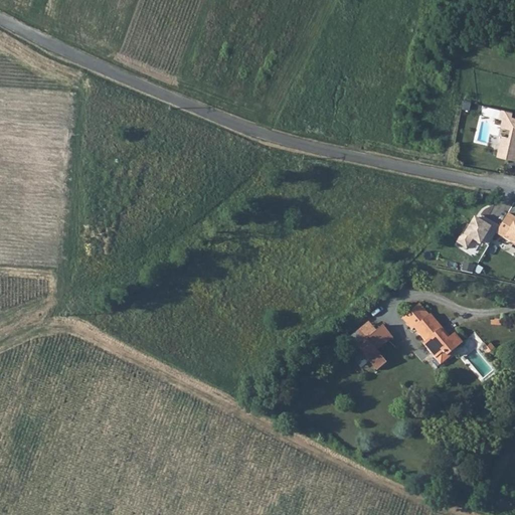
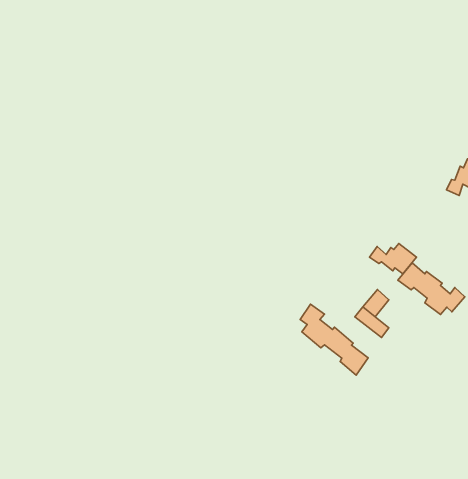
building: none -> [370,243,417,274]
building: none -> [300,304,368,375]

